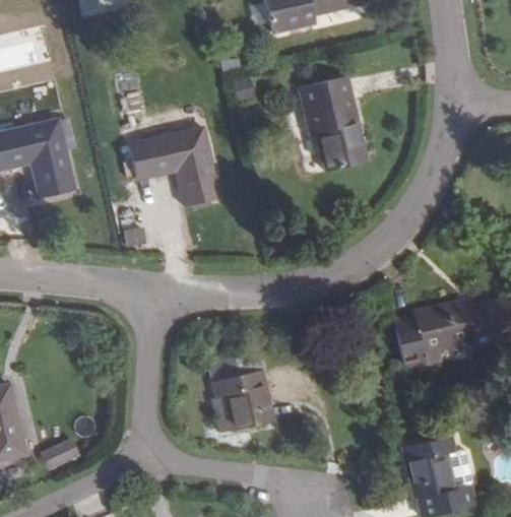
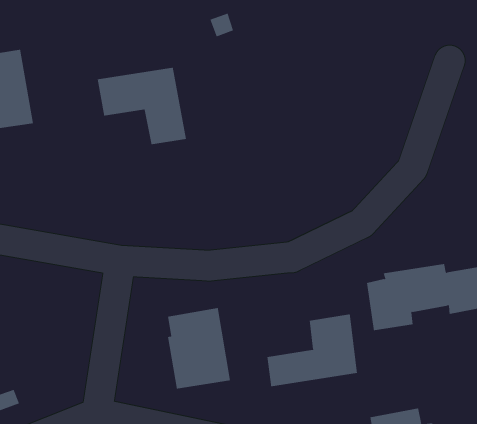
building: [300,81,365,164] -> none
building: none -> [267,314,357,387]

